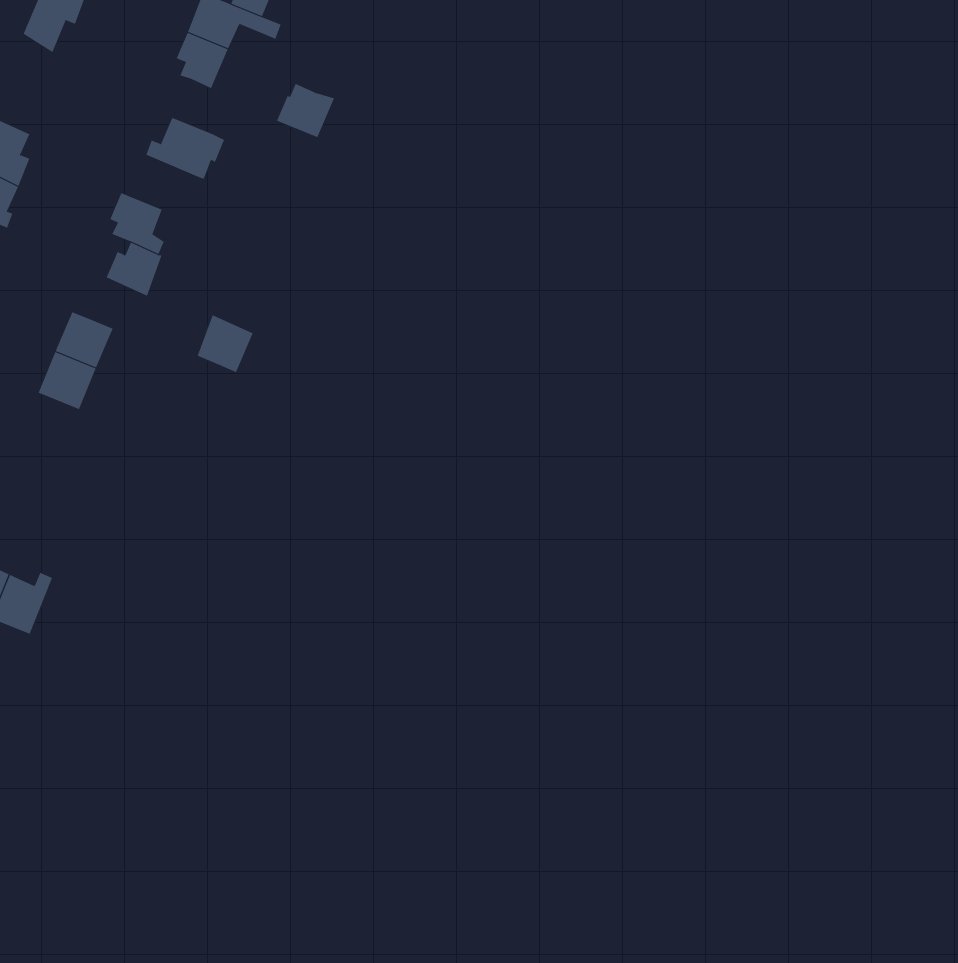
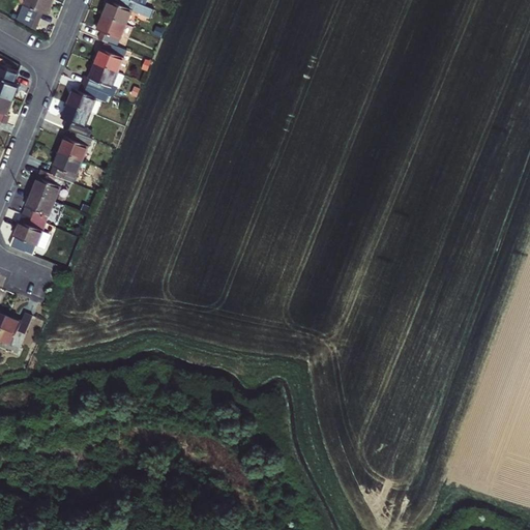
building: [276,83,335,138] -> [94,43,126,73]
building: none -> [66,85,109,115]
building: [197,314,254,373] -> [50,152,81,184]
building: none -> [11,215,43,252]

